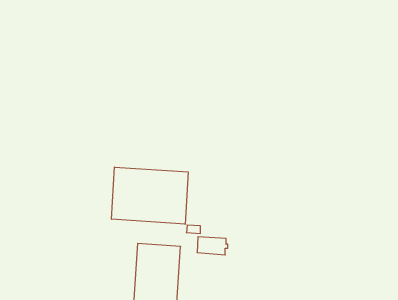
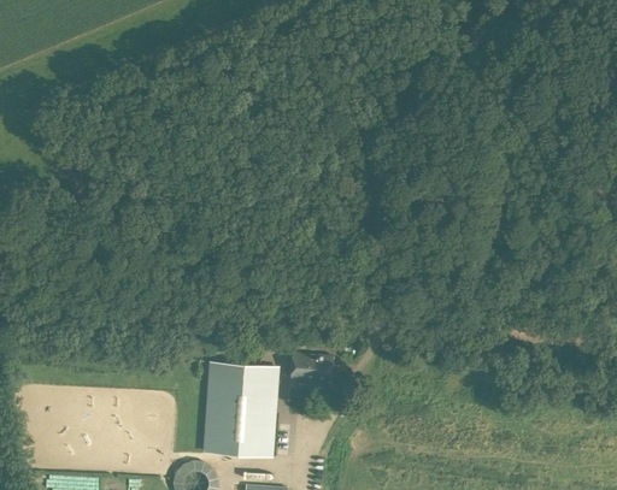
building: [112,167,188,224] -> none

